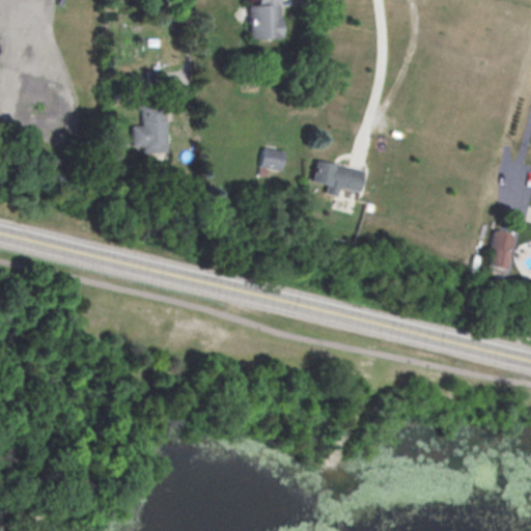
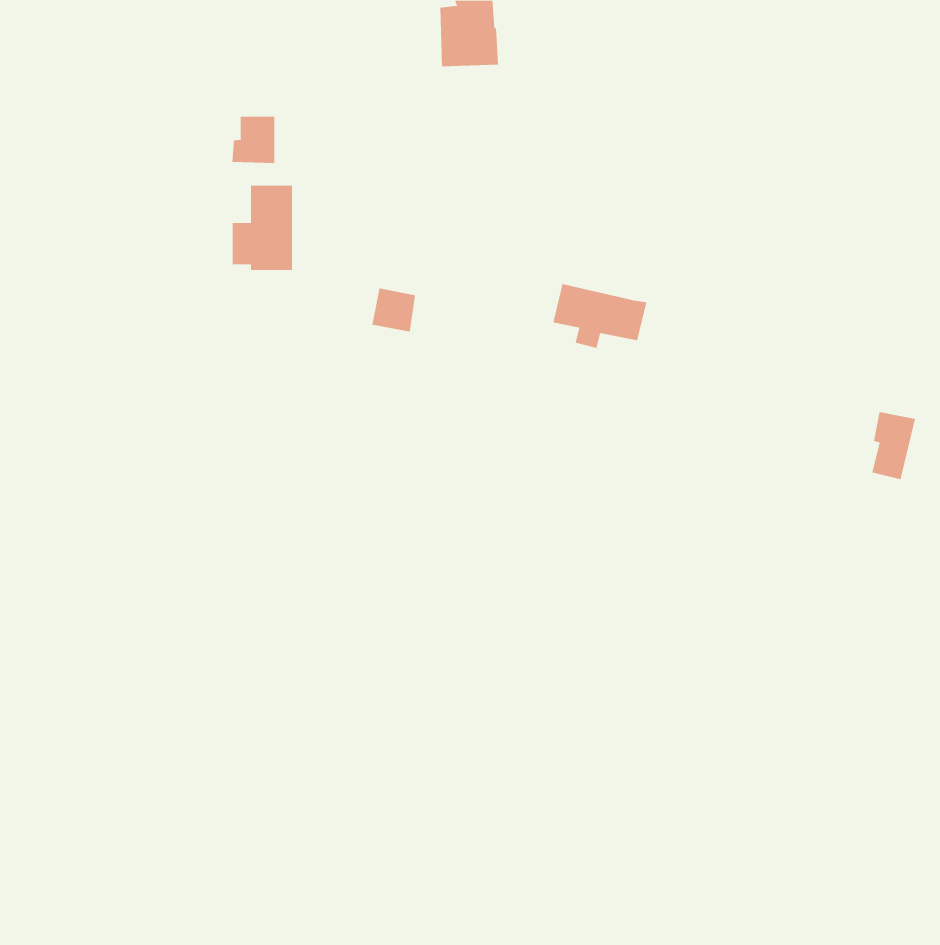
building: none -> [232,116,275,164]
building: [261,147,286,172] -> [371,288,416,332]

